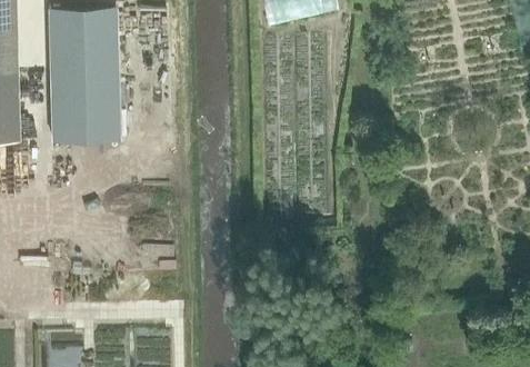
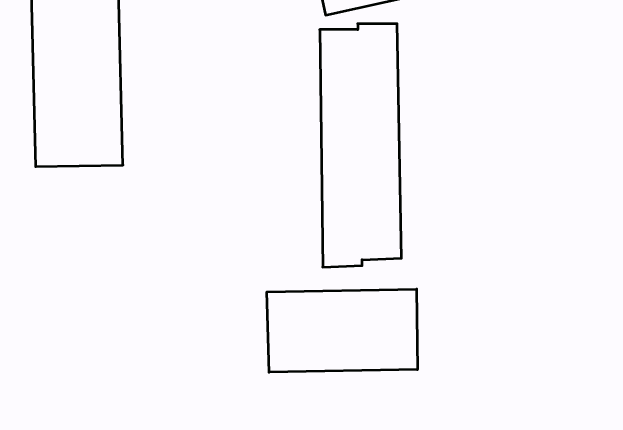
building: none -> [267,289,417,372]

